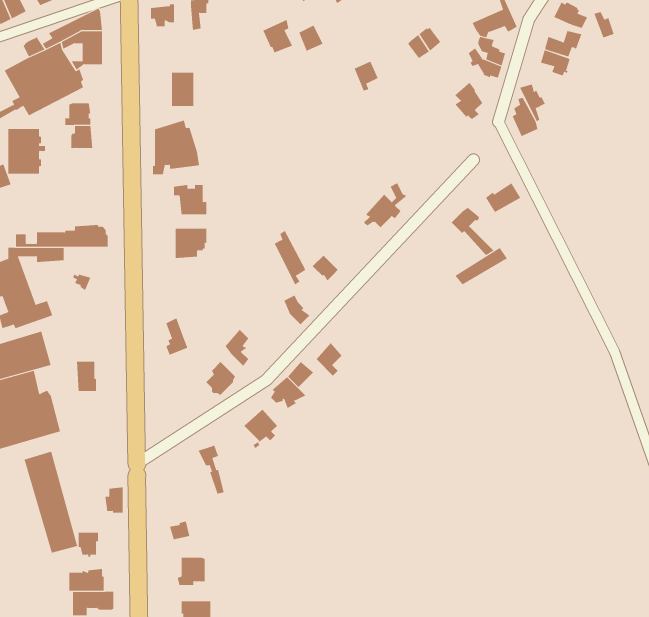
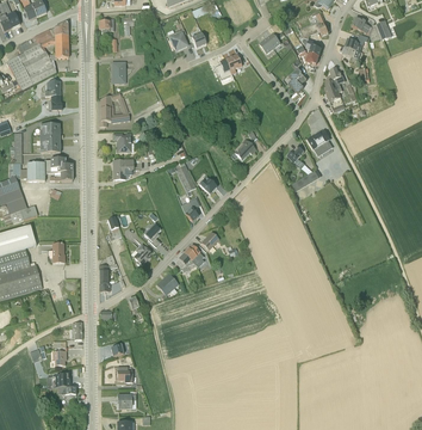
building: [8,129,46,174] -> [39,123,63,152]
building: [24,451,78,554] -> none

